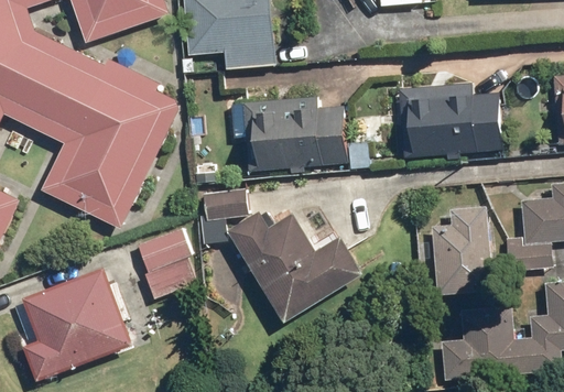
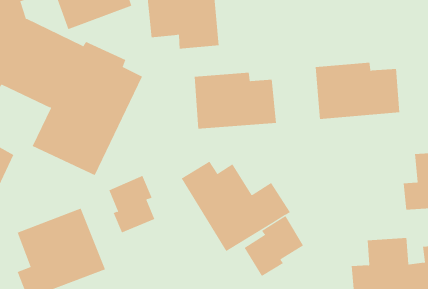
building: [200,187,248,244] -> none
building: [431,205,492,296] -> none
building: none -> [244,215,304,277]

